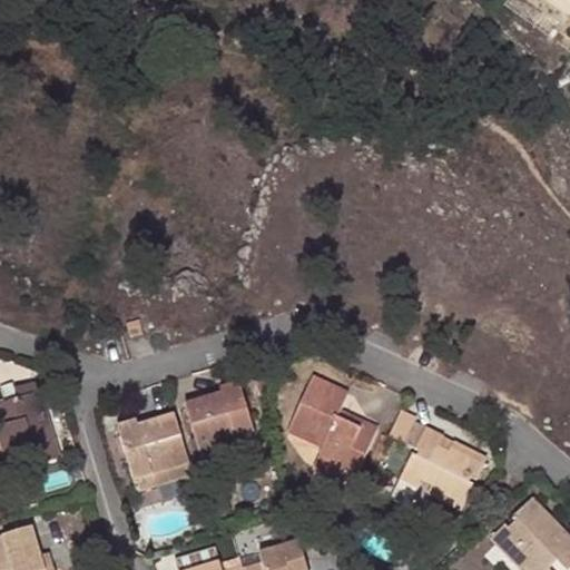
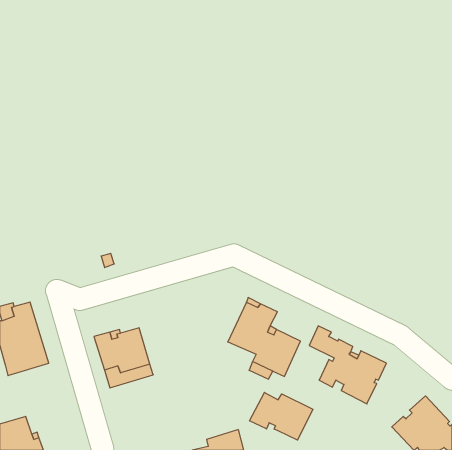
building: [185,381,255,450] -> none
building: none -> [250,392,313,440]

